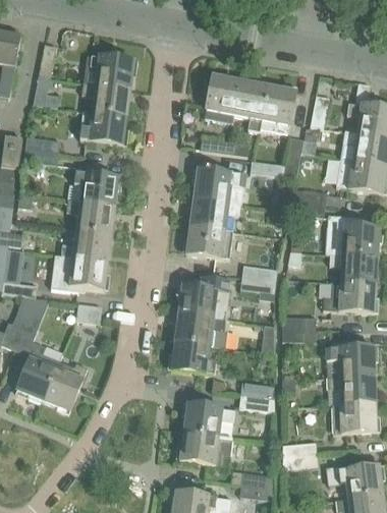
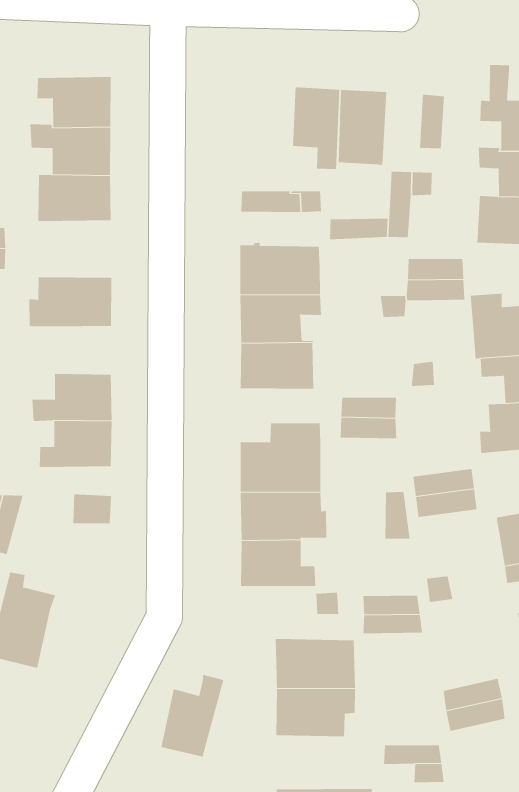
building: [204,72,241,122] -> none
building: [66,198,115,233] -> none
building: [45,360,88,409] -> [160,674,224,757]

